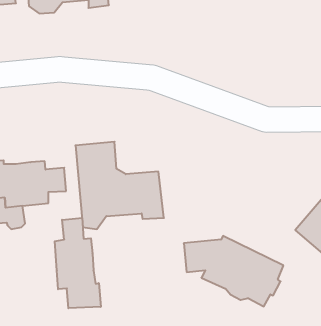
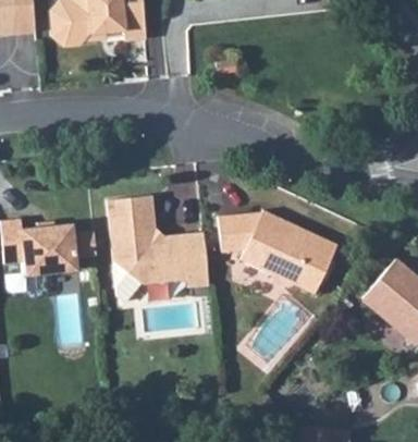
building: [55,218,101,308] -> none
building: [184,236,283,306] -> [218,206,334,288]

